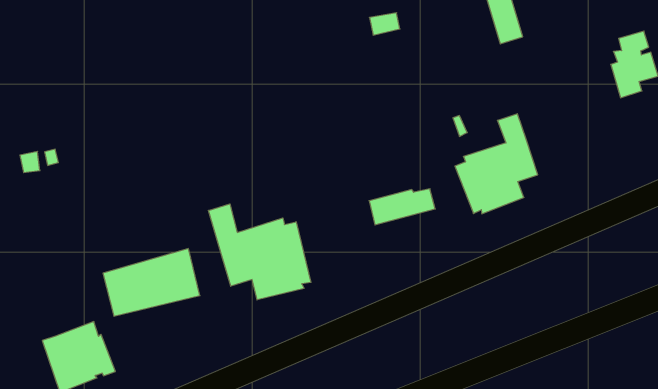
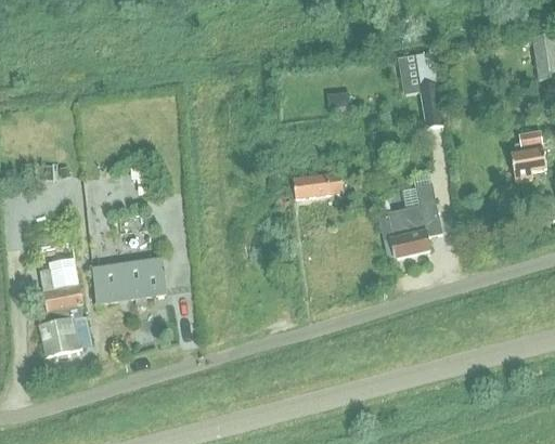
building: [369,189,435,225] -> [293,173,344,197]
building: [208,204,311,300] -> none
building: none -> [41,266,80,311]

